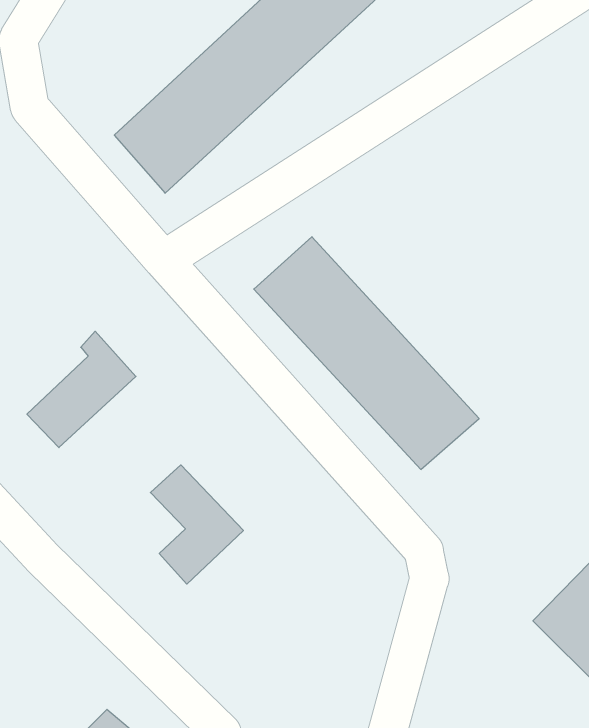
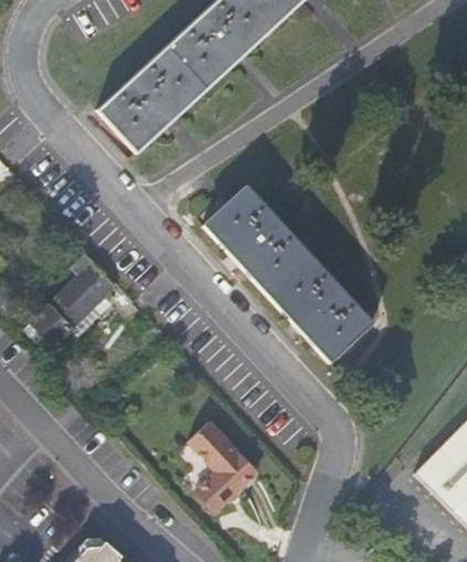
building: [150,465,243,584] -> [189,422,259,512]

